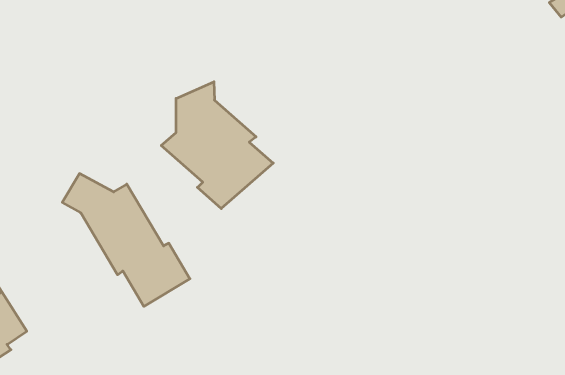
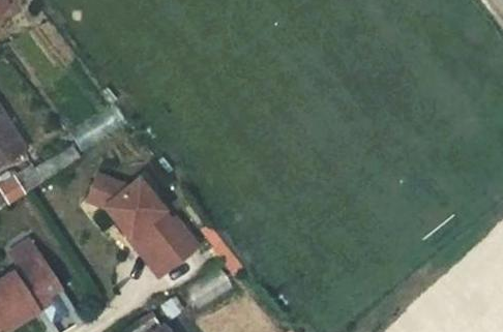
building: [161,82,273,209] -> none

